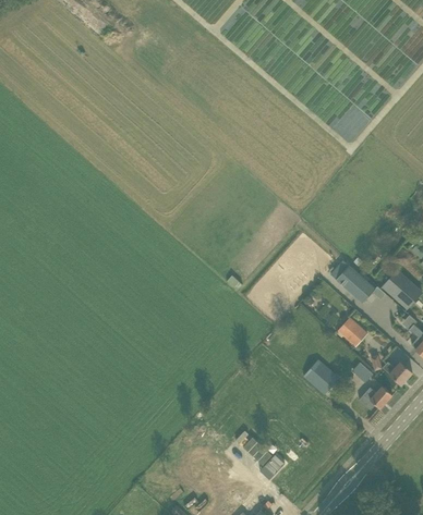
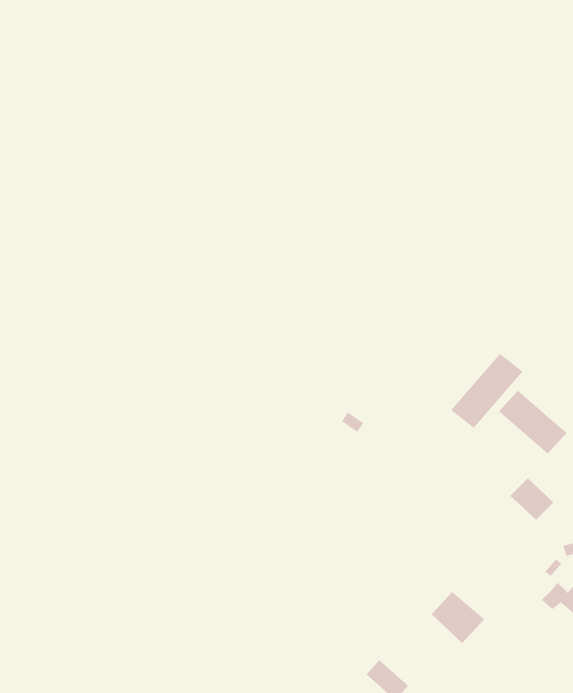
building: none -> [450,353,523,429]
building: [304,359,340,394] -> [431,591,485,644]

